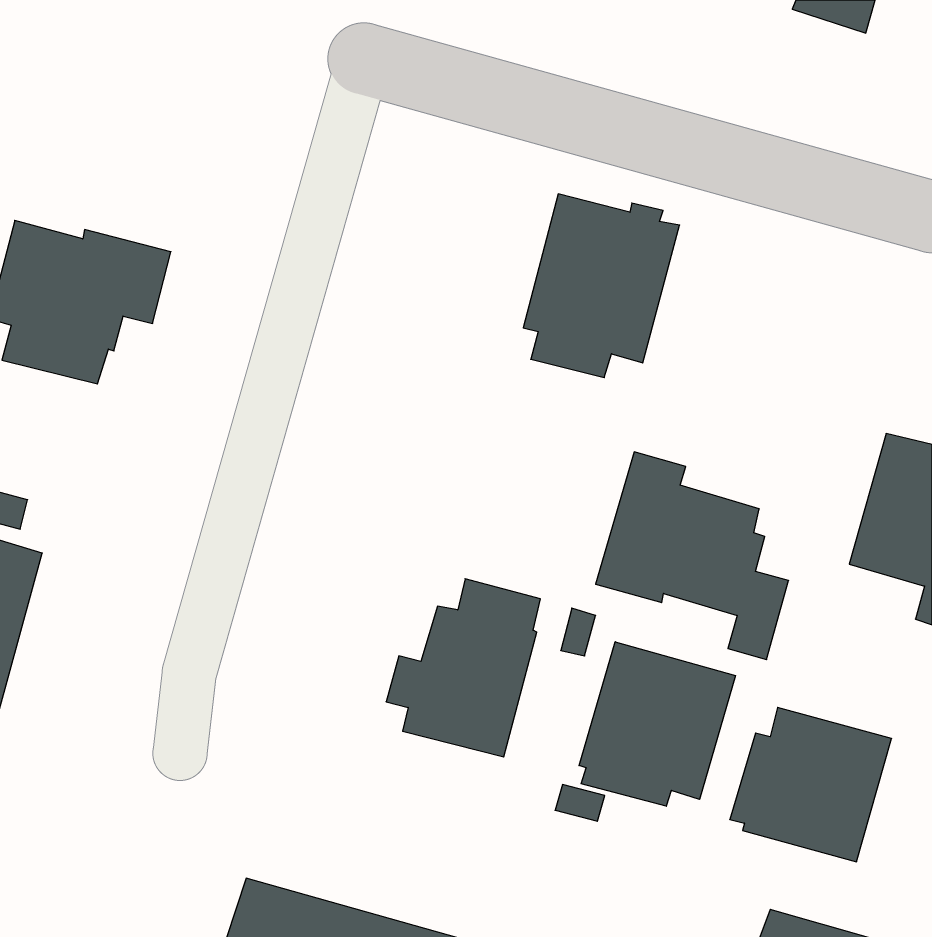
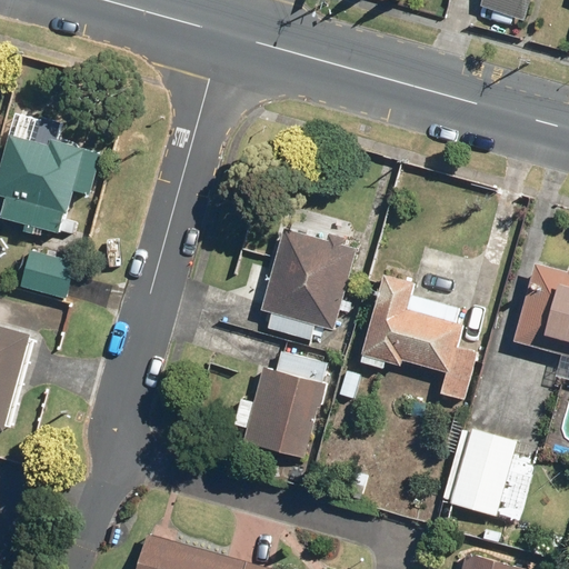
building: [523,194,680,378] -> [262,229,357,340]
building: none -> [16,250,71,301]
building: [579,642,736,806] -> none

